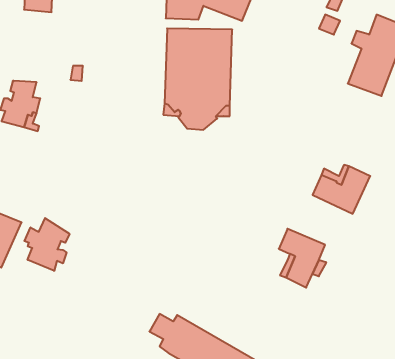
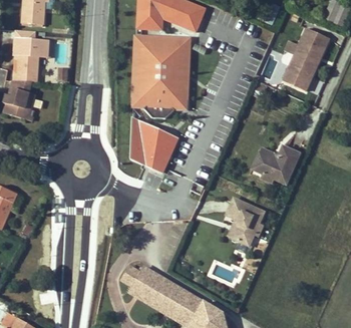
building: none -> [13,44,39,81]
building: none -> [128,116,179,173]
building: [24,218,69,271] -> none

